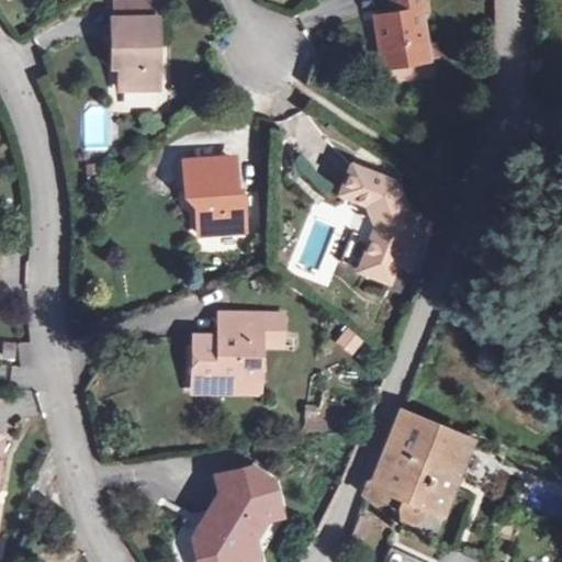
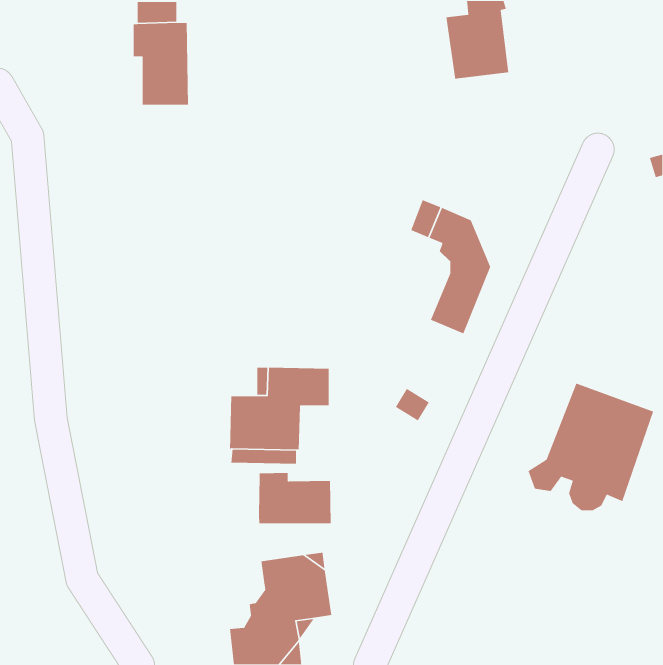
building: [186,159,245,235] -> none
building: none -> [258,472,331,524]
building: [366,414,472,522] -> [528,382,654,511]

